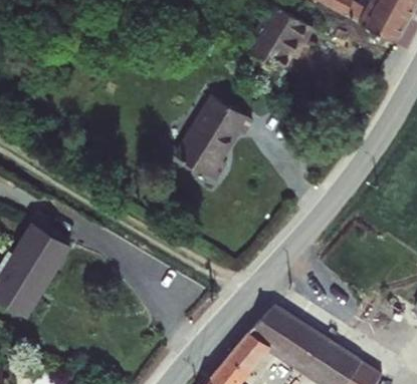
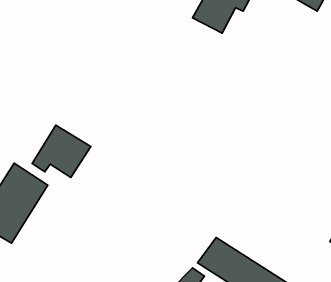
building: [174,98,251,183] -> none
building: none -> [32,125,91,177]

